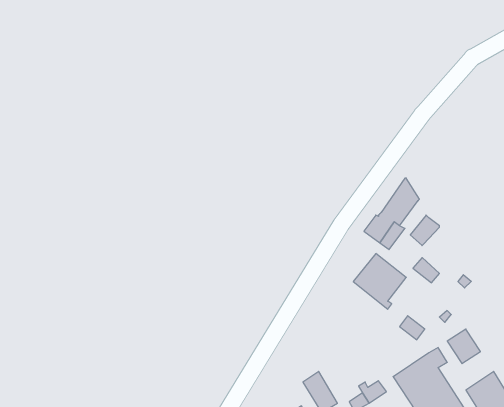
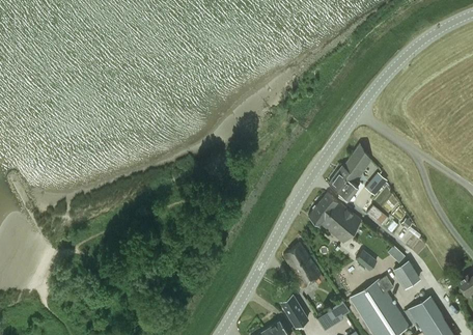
building: none -> [309,193,338,225]
building: none -> [284,244,322,287]

